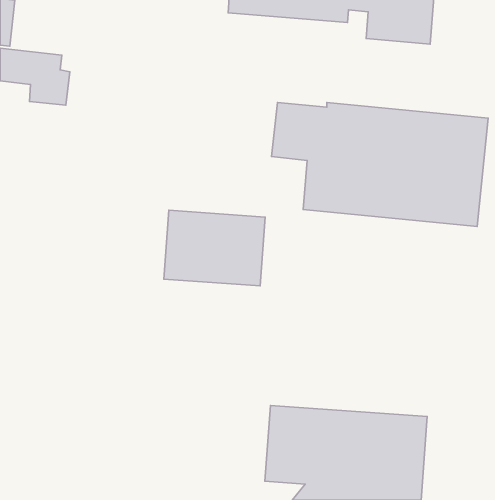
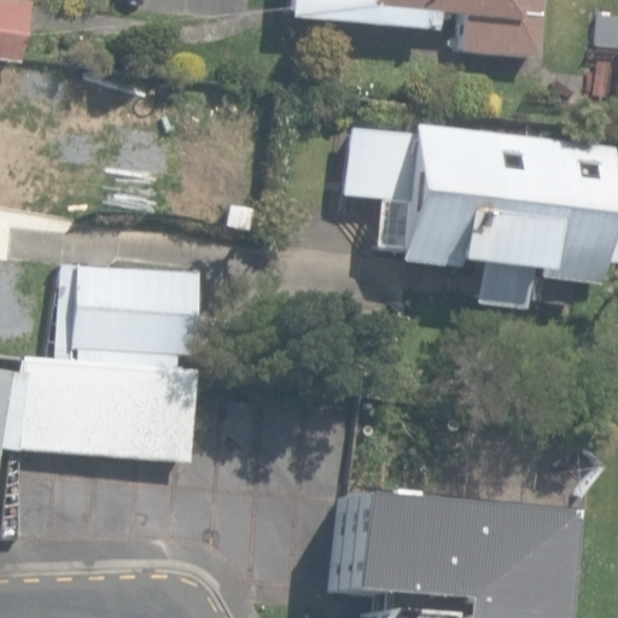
building: [164,210,265,286] -> [74,262,198,355]
building: none -> [14,356,197,461]

